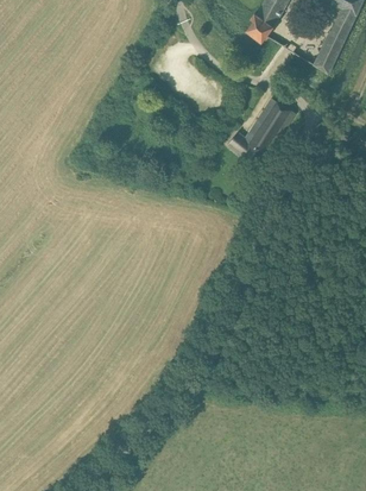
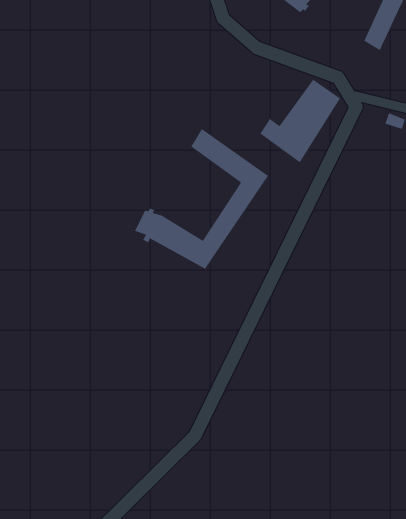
building: none -> [134,128,269,270]

